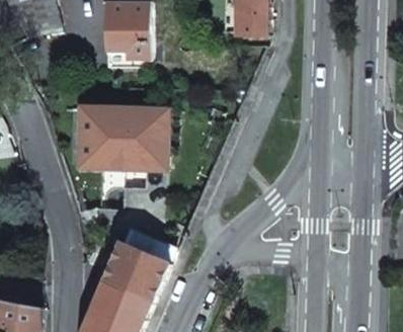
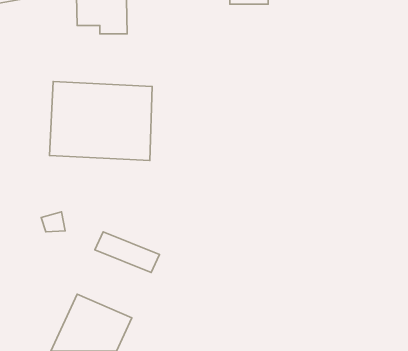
building: [106,245,169,303] -> none

